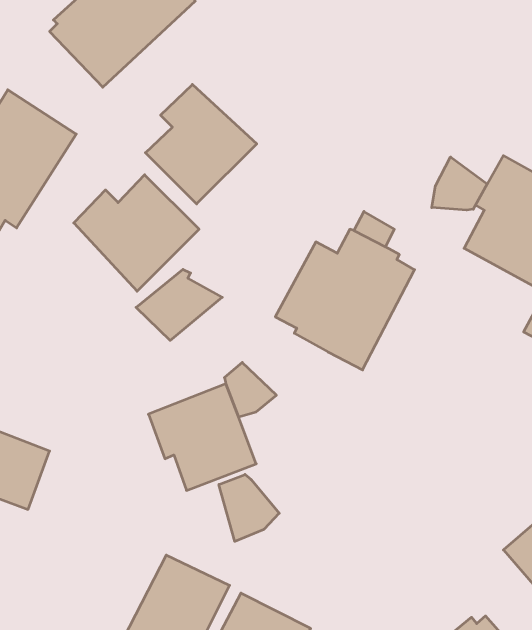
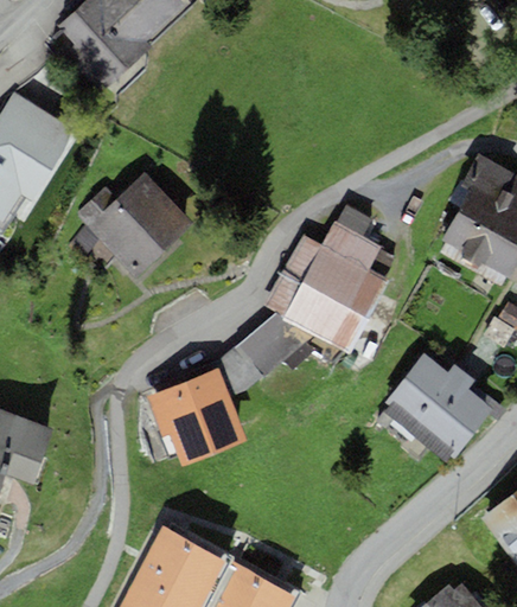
building: [145,84,257,204] -> none
building: [432,157,487,210] -> none
building: [136,269,222,340] -> [234,311,314,377]
building: none -> [384,354,493,462]
building: [219,474,279,541] -> none

